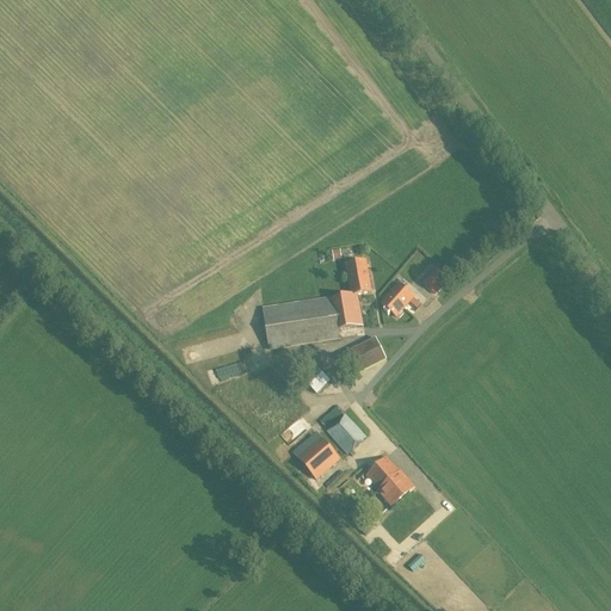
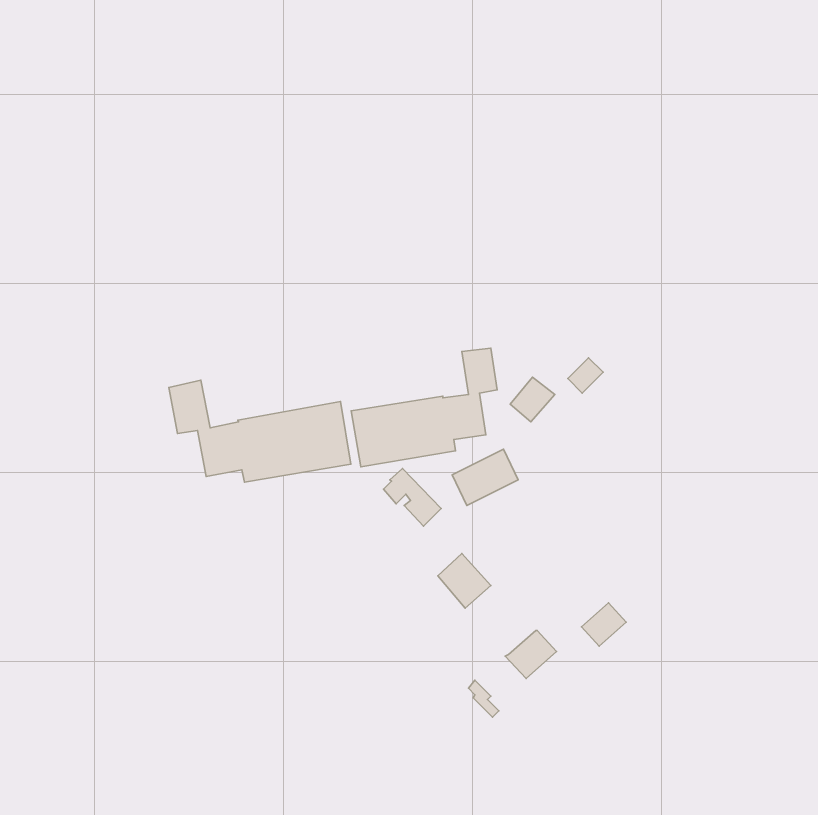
building: none -> [169,380,351,482]
building: [292,430,339,477] -> none
building: [365,455,399,487] -> [581,603,626,646]

